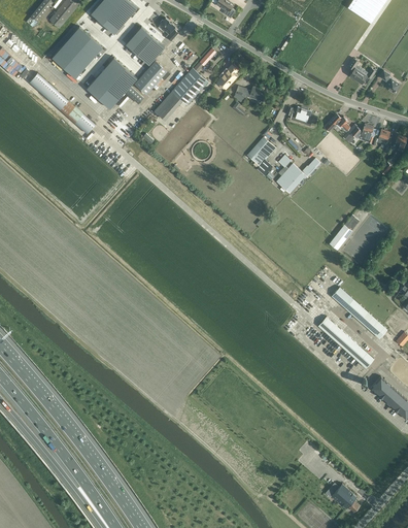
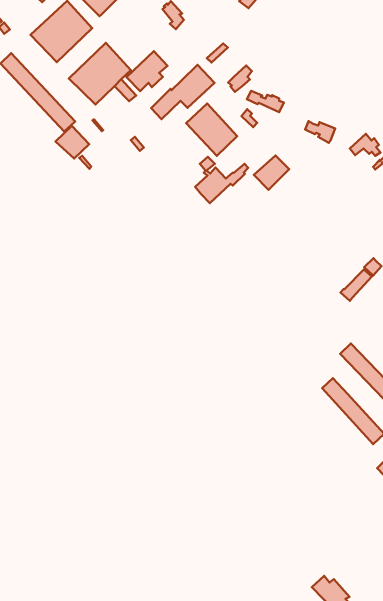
building: [126,32,162,68] -> none
building: none -> [186,103,237,156]
building: none -> [56,126,89,158]
building: [276,155,318,193] -> [195,157,248,203]

